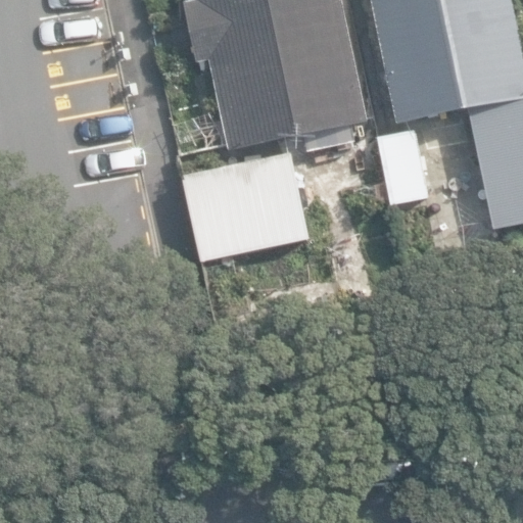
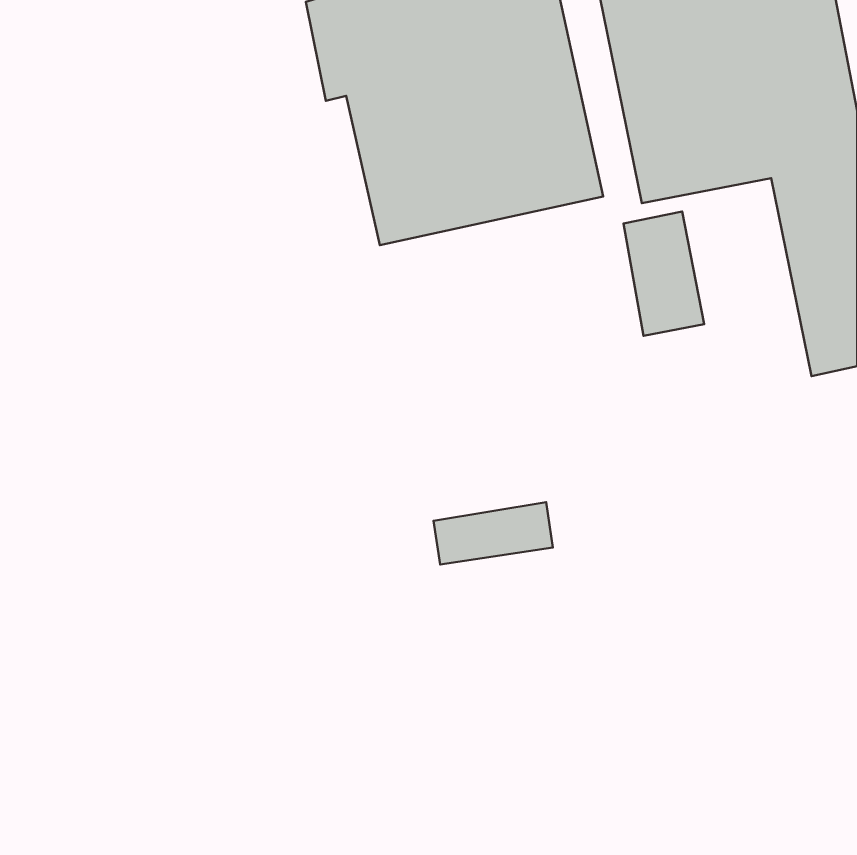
building: [184,152,310,262] -> none

